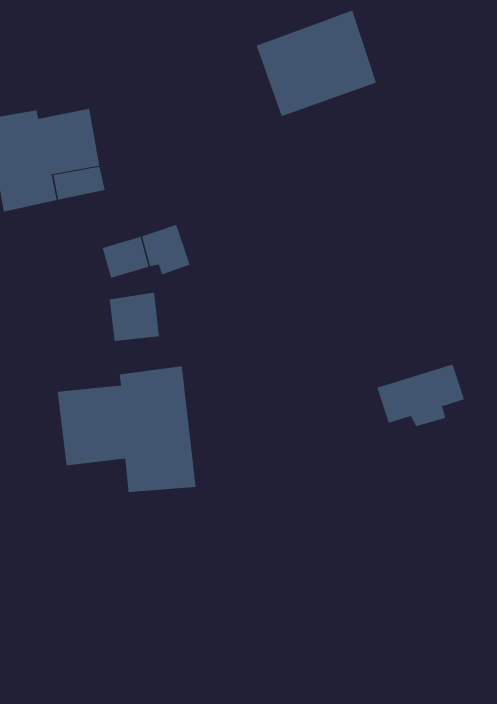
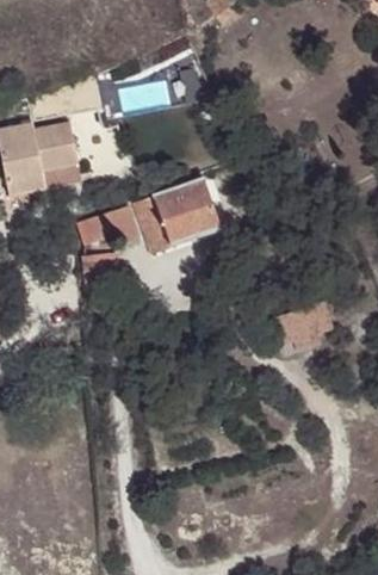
building: [256,10,377,117] -> [135,177,219,252]
building: [57,366,196,493] -> none

